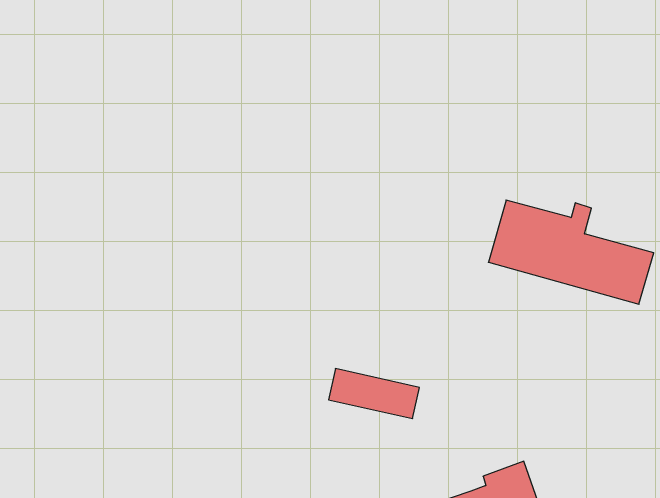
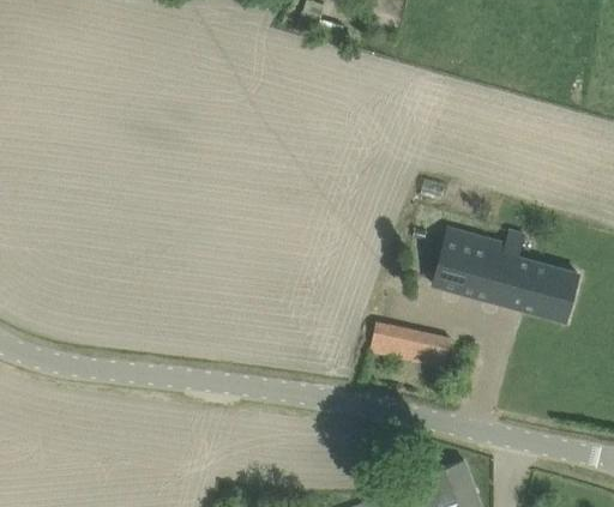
building: [329,369,419,419] -> [371,322,451,367]

